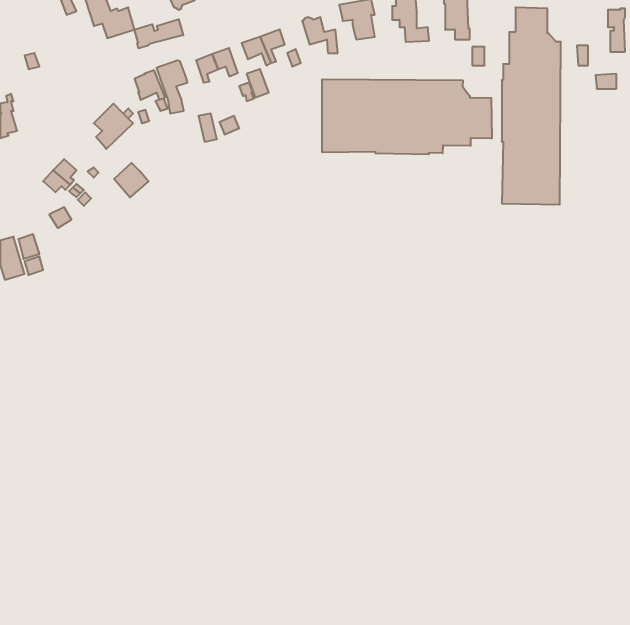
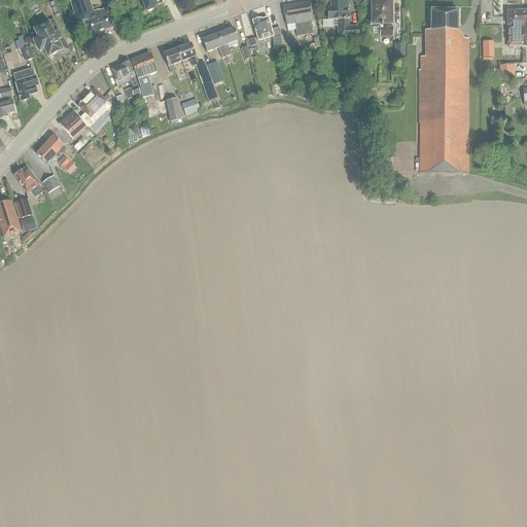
building: [134,19,183,48] -> none
building: none -> [33,16,69,56]
building: none -> [13,66,37,98]
building: [322,79,492,154] -> none
building: [114,163,149,197] -> [59,107,87,136]
building: none -> [14,164,43,195]

